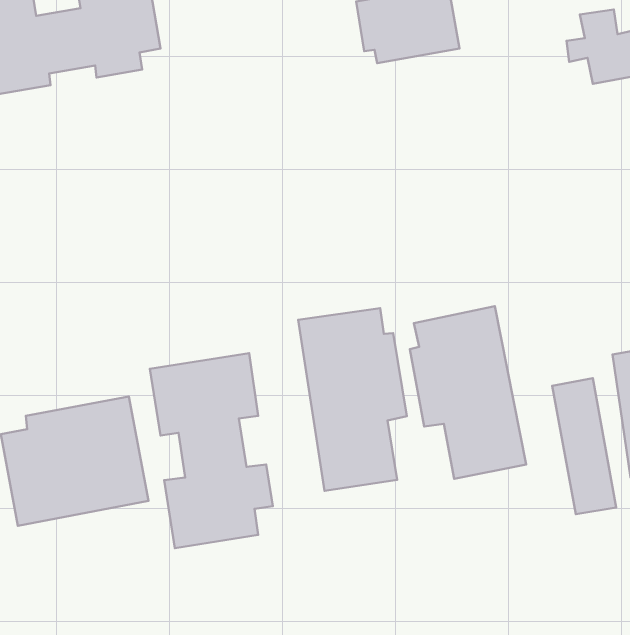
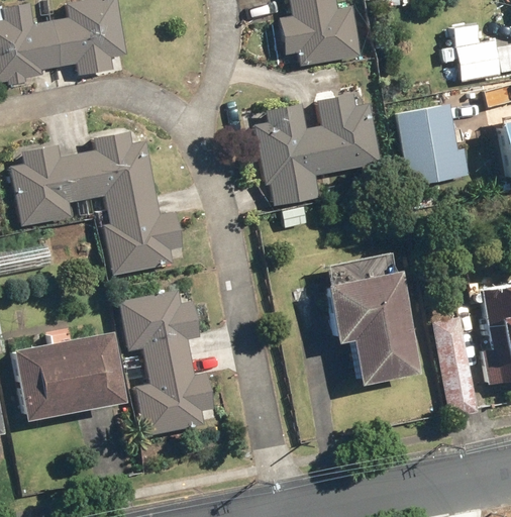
building: none -> [253,92,381,227]
building: none -> [396,103,470,187]
building: none -> [11,128,185,275]
building: [298,308,407,491] -> none

